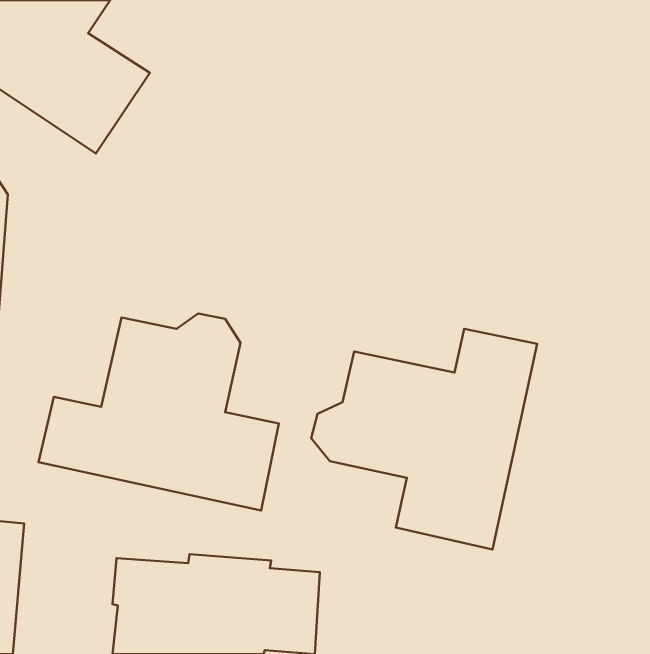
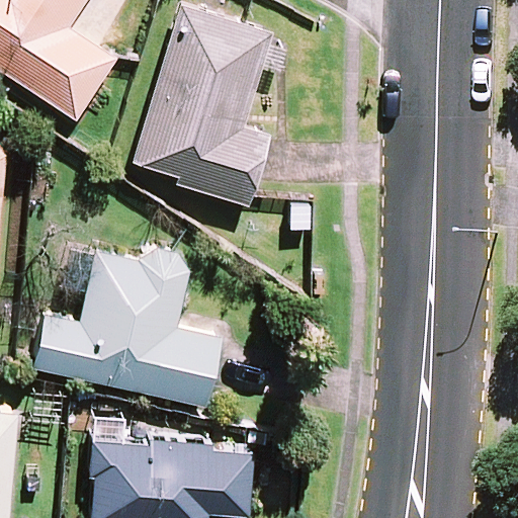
building: none -> [133,4,273,205]
building: [311,329,537,549] -> none

